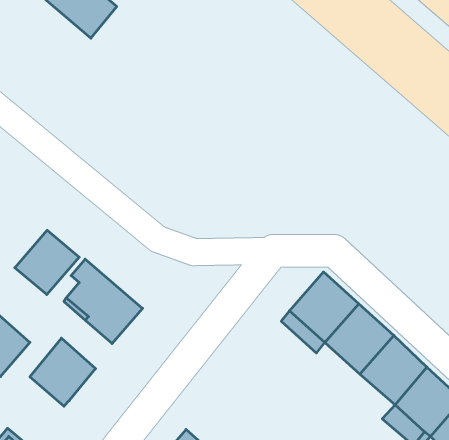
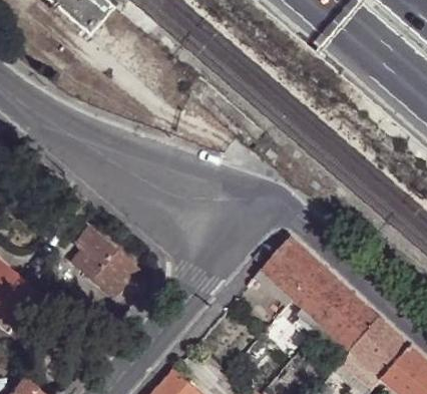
building: [15,230,79,295] -> none
building: [30,338,96,406] -> none

